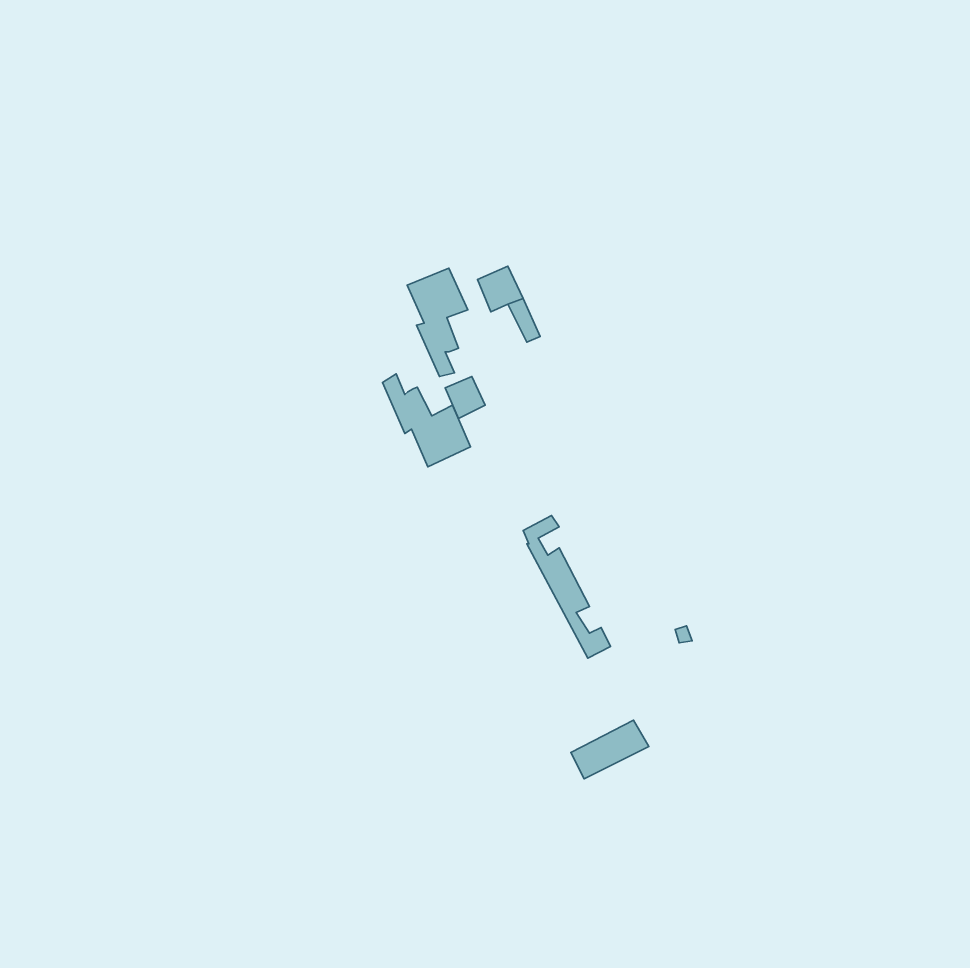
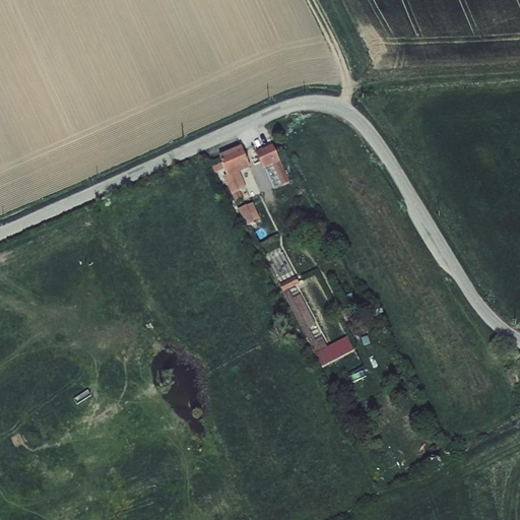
building: [382,374,470,467] -> none
building: [571,720,649,779] -> [314,334,355,366]

